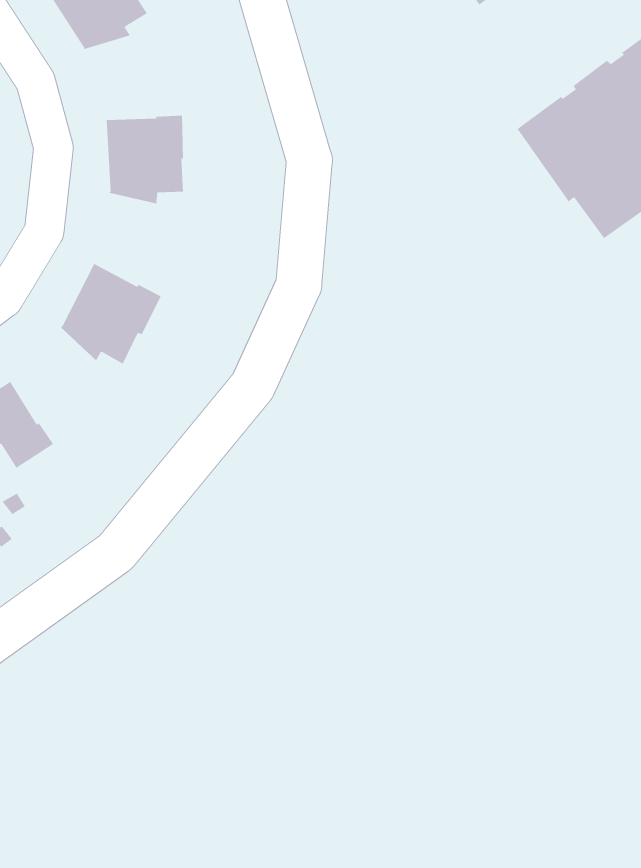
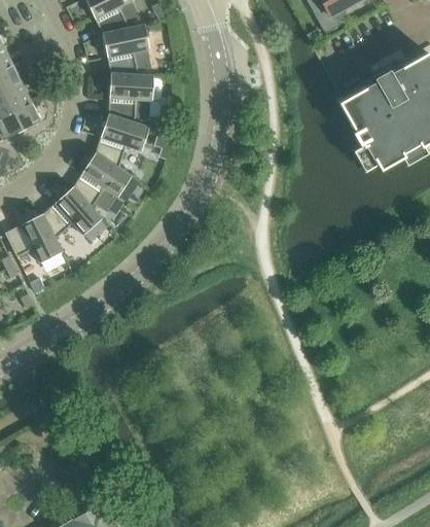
building: none -> [102,24,151,75]
building: none -> [95,114,148,168]
building: none -> [41,186,101,239]

